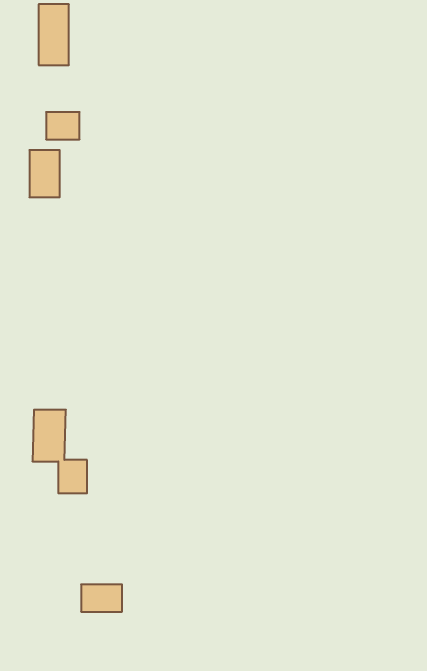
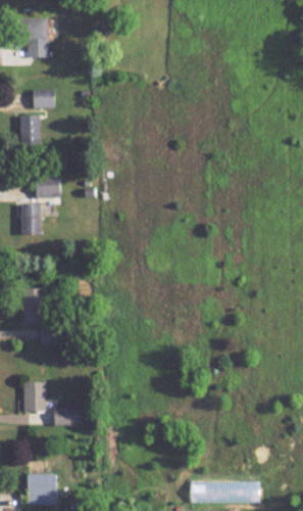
building: none -> [35,174,60,196]
building: none -> [20,203,41,234]
building: none -> [23,382,45,412]

